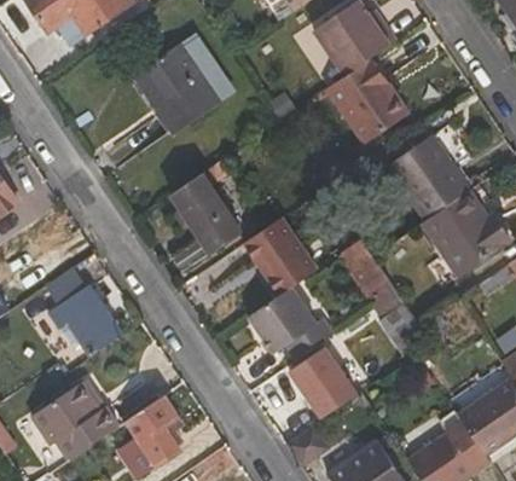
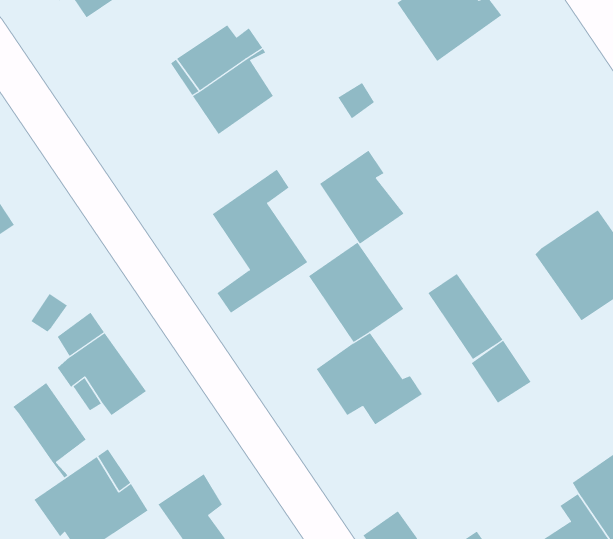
building: [329,63,395,137] -> [319,150,405,245]
building: [389,137,470,220] -> none
building: none -> [13,382,87,479]
building: [289,343,356,416] -> none

